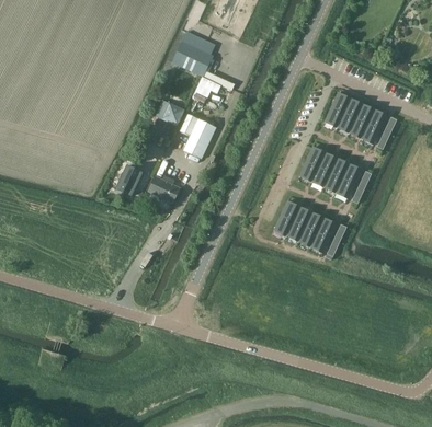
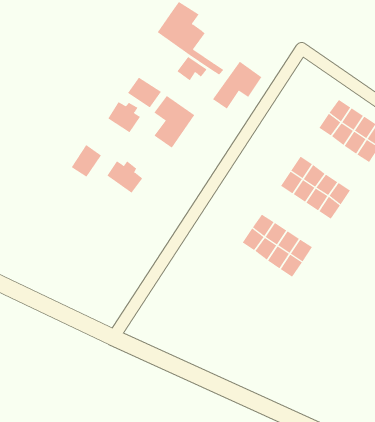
building: none -> [212,61,262,110]
building: none -> [108,101,141,133]

